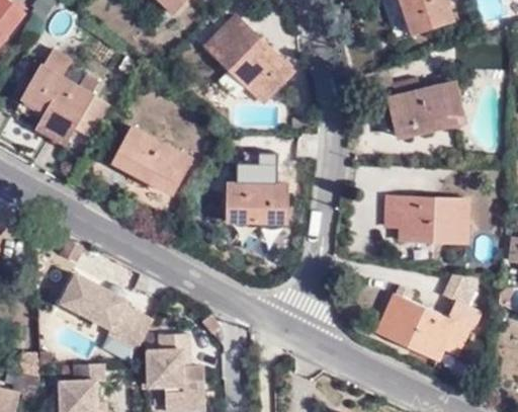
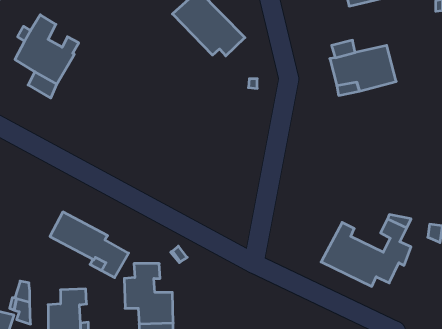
building: [111,128,189,195] -> none
building: [223,170,283,223] -> none
building: [381,194,464,243] -> none

